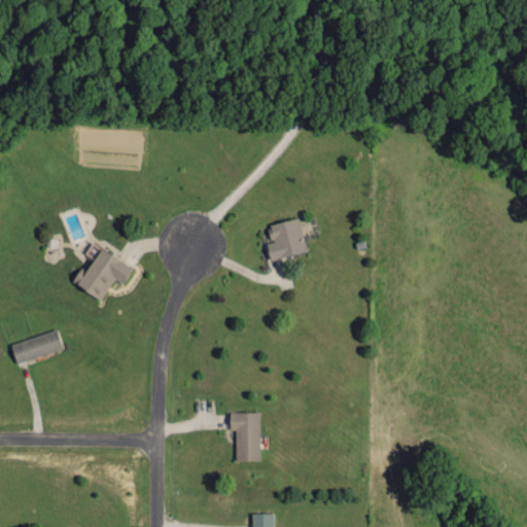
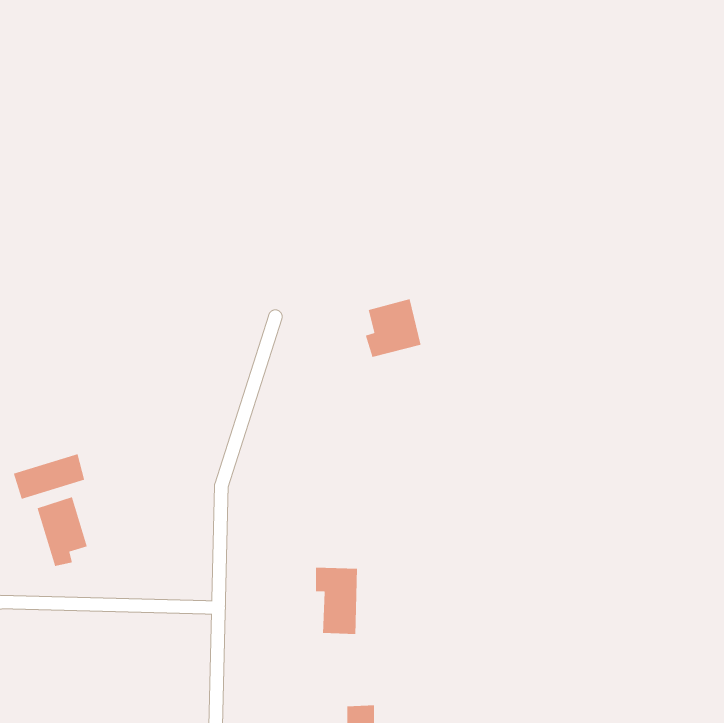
building: [72,248,133,302] -> none
building: none -> [37,496,88,567]

